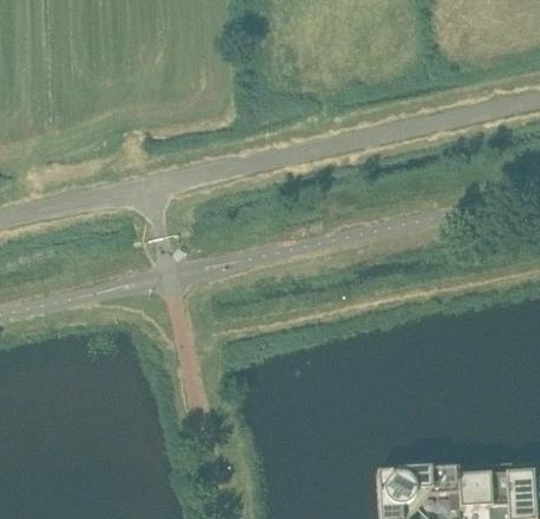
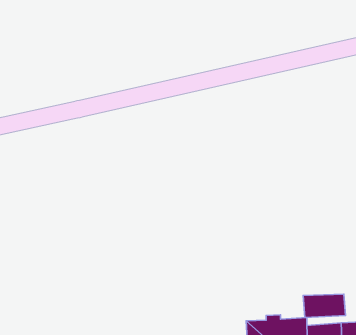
building: none -> [303,294,345,318]

